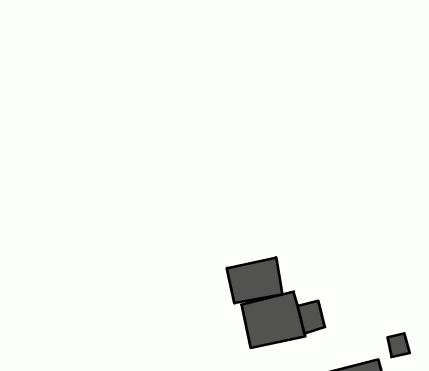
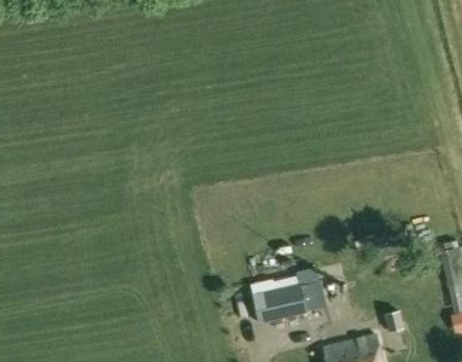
building: [227,257,282,303] -> none

